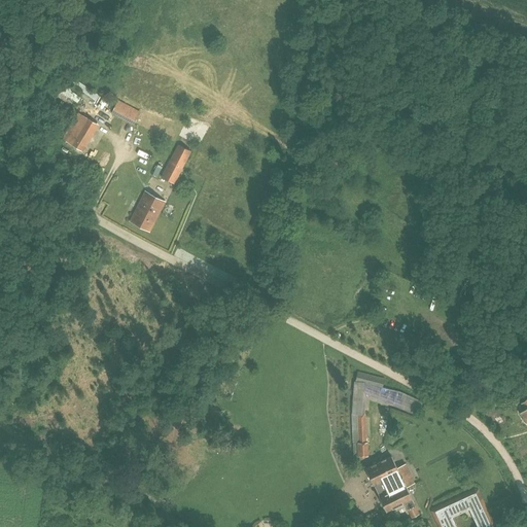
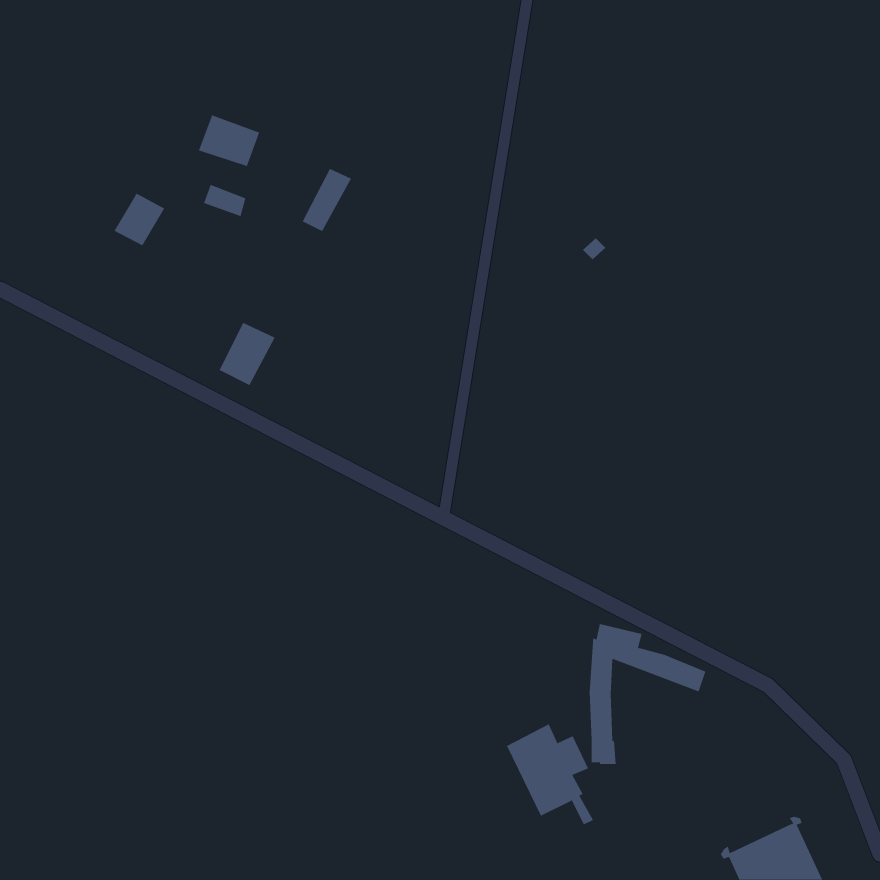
building: none -> [198,115,260,167]
building: [162,145,191,183] -> [302,168,352,232]
building: [365,456,418,517] -> [506,724,594,825]

